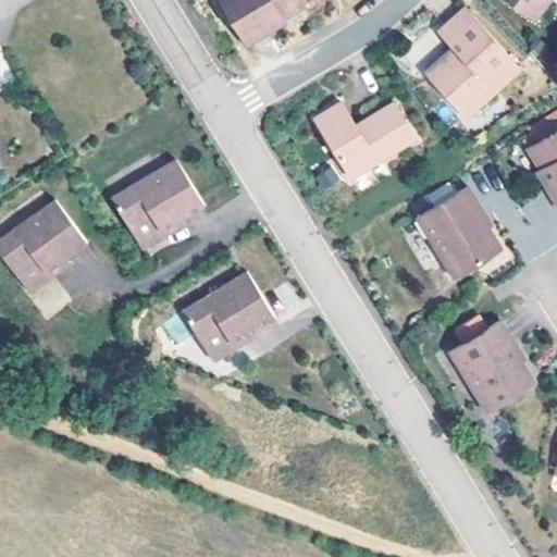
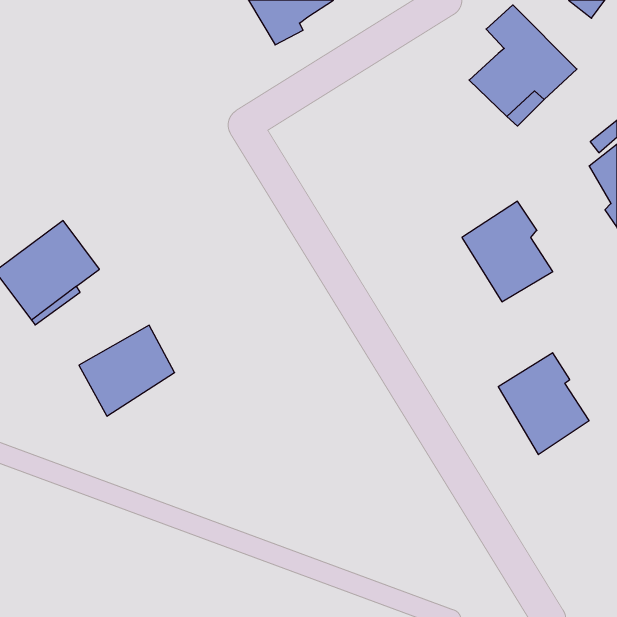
building: [313,100,414,182] -> none
building: [112,161,203,247] -> none
building: [187,274,273,356] -> [79,325,175,416]

